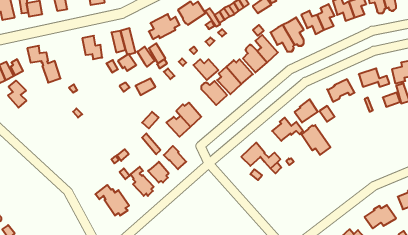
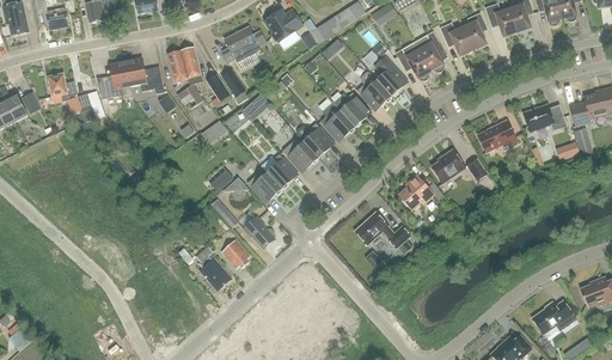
building: none -> [105,61,133,98]
building: [193,59,218,80] -> [282,141,318,171]
building: [8,81,26,108] -> none
building: [301,125,330,155] -> none
building: [95,185,129,216] -> none

